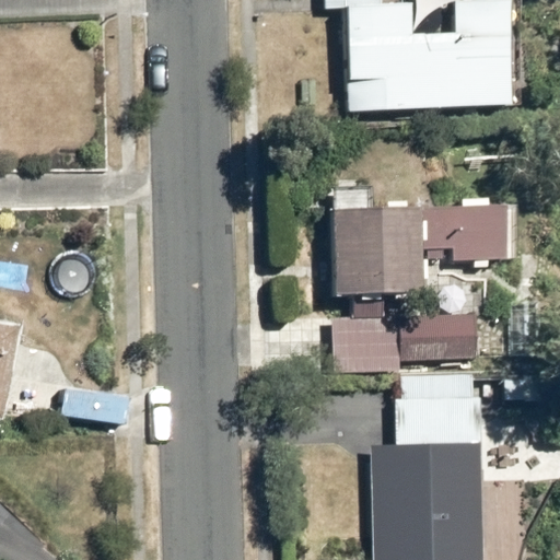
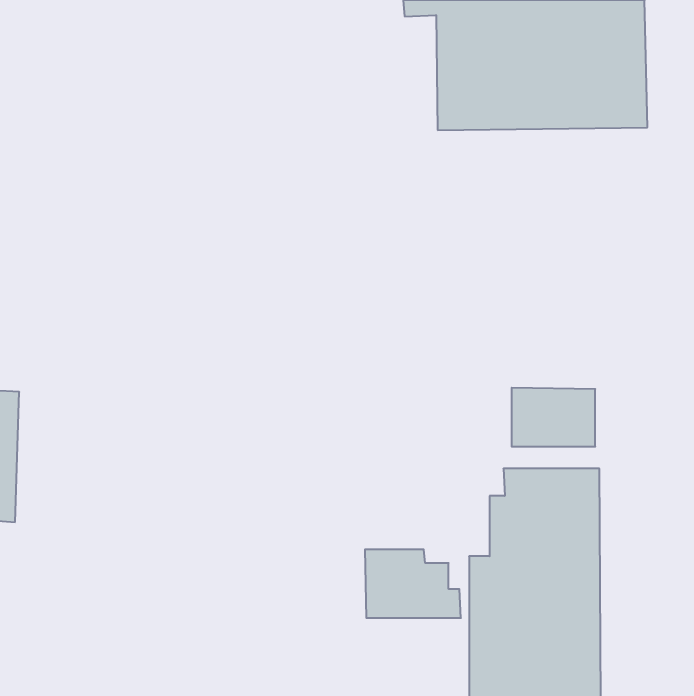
building: [326,199,512,292] -> none
building: [326,319,402,374] -> [365,549,461,618]

